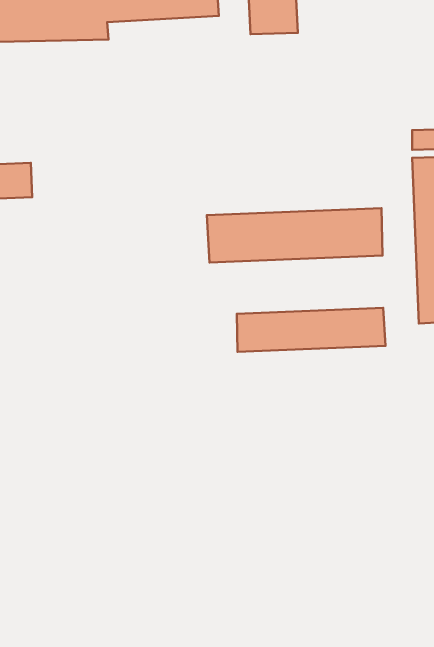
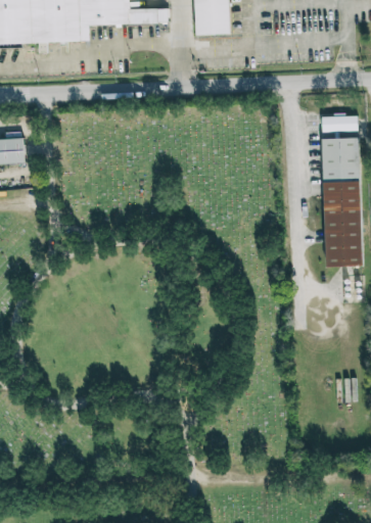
building: [207,208,383,262] -> none
building: [237,308,385,352] -> none

